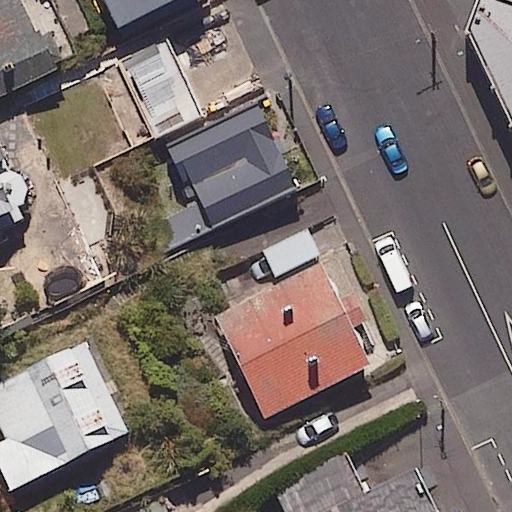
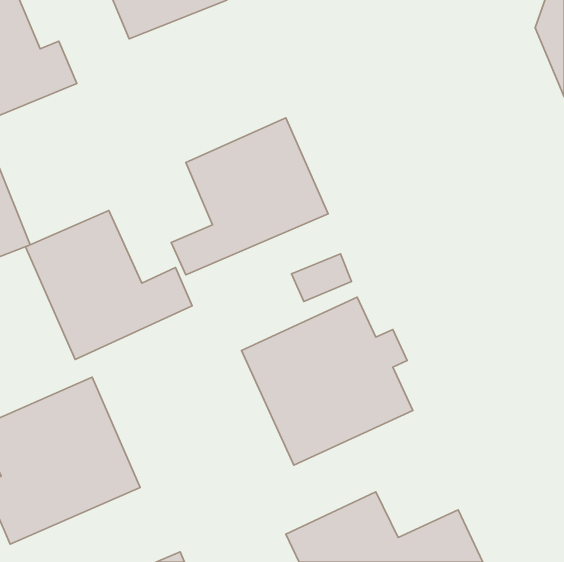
building: [120,36,200,134] -> none
building: none -> [25,210,192,360]

